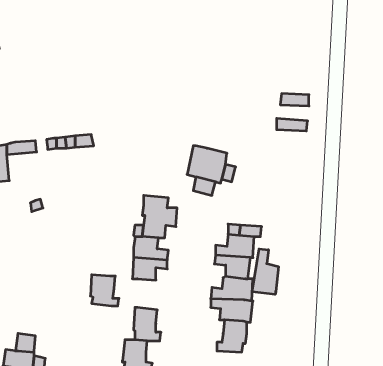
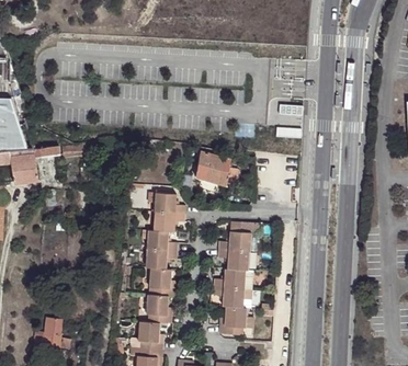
building: [252,249,278,294] -> none
building: [90,275,119,306] -> [149,268,174,296]

